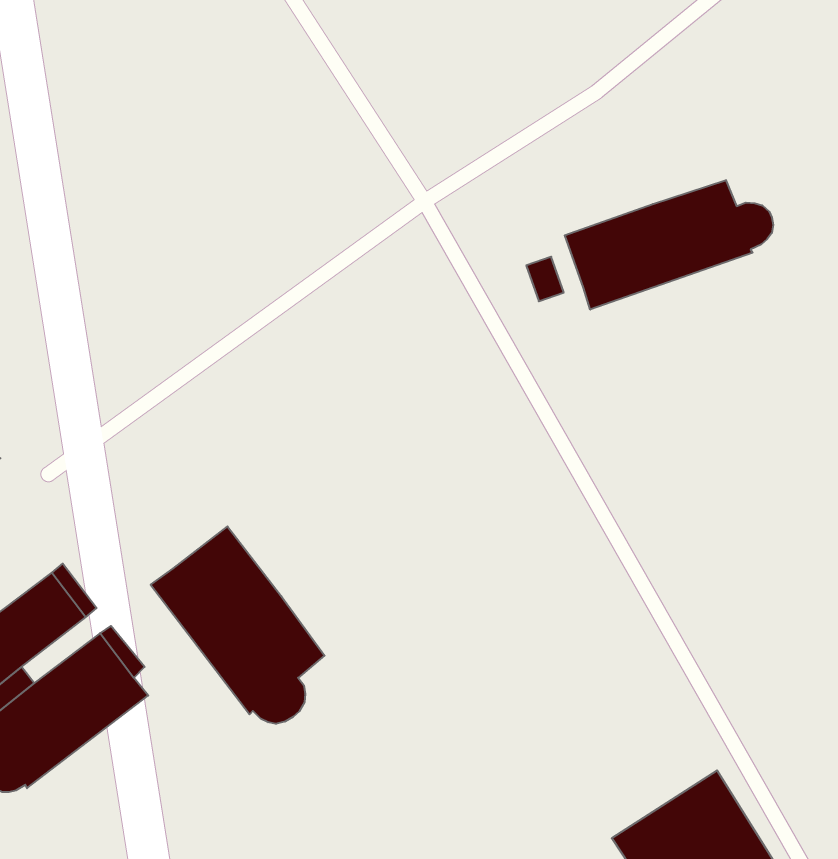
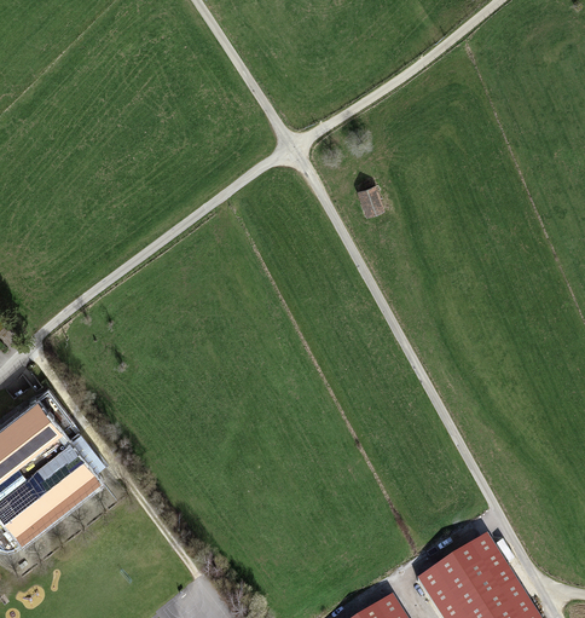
building: [565,180,773,310] -> none
building: [151,526,325,724] -> none

